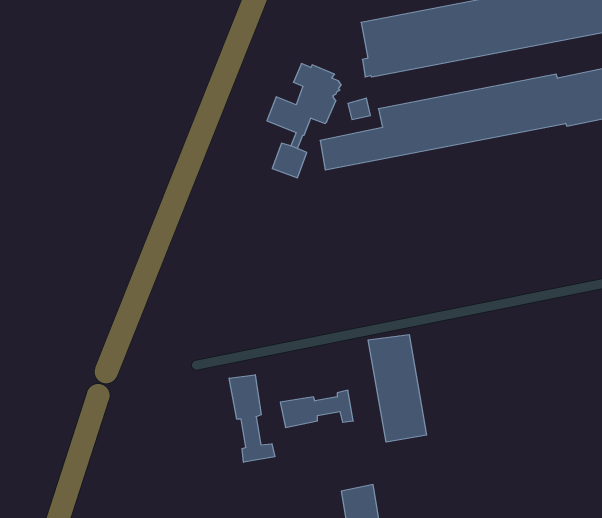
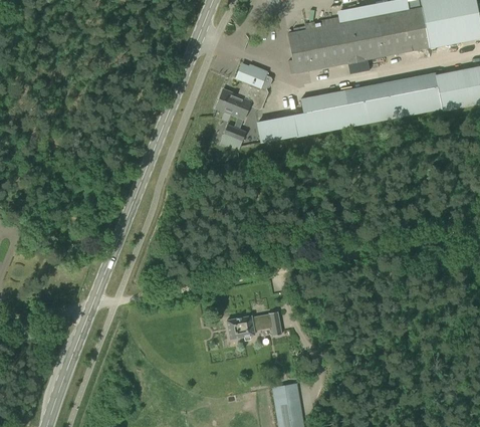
building: [368,335,427,442] -> none
building: [229,375,275,462] -> none

